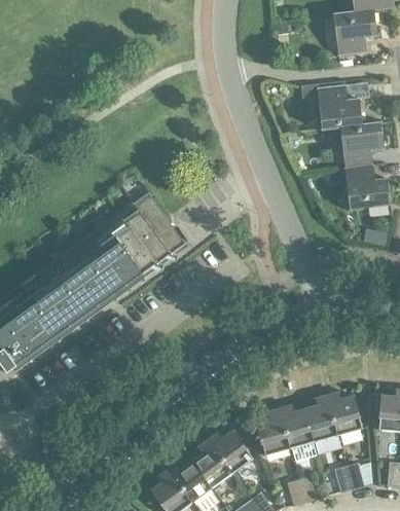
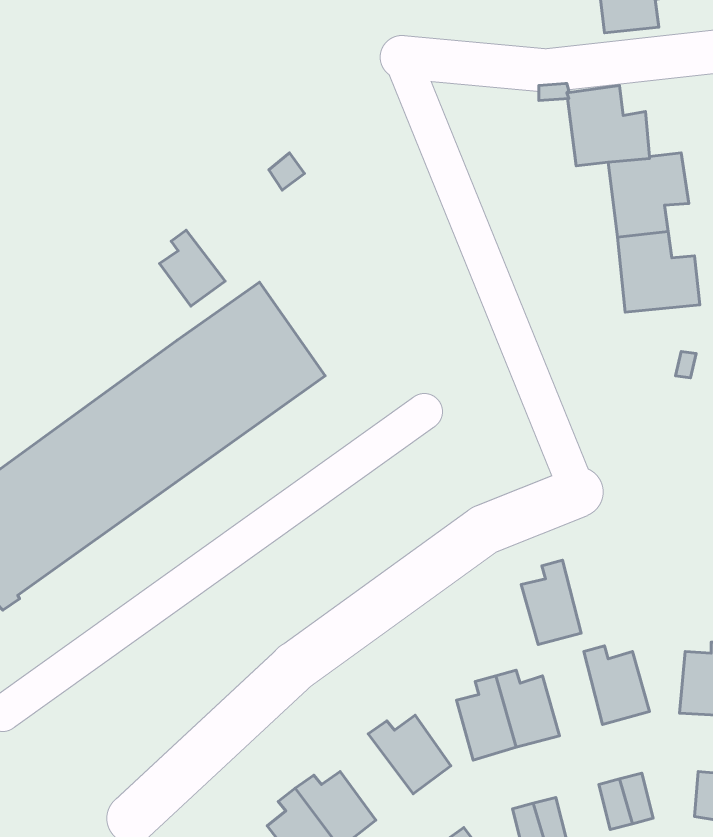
building: none -> [160,230,225,306]
building: [304,397,337,443] -> [521,560,581,645]
building: [193,442,233,489] -> none

